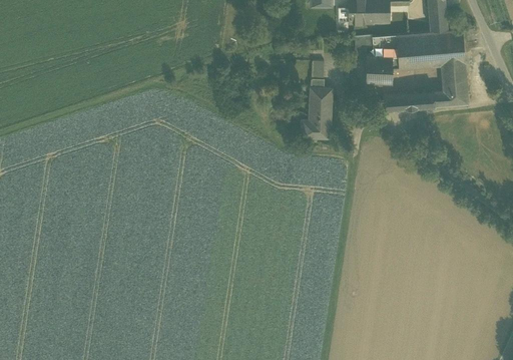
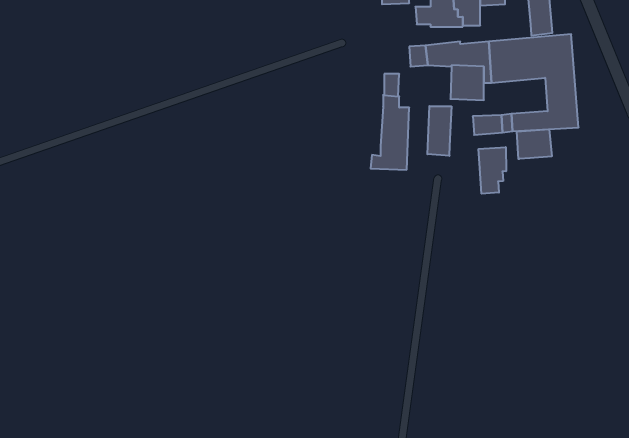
building: none -> [427,106,451,156]
building: none -> [517,129,552,159]
building: none -> [479,147,506,194]

